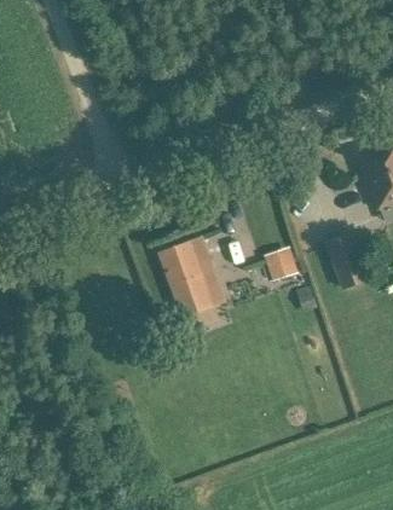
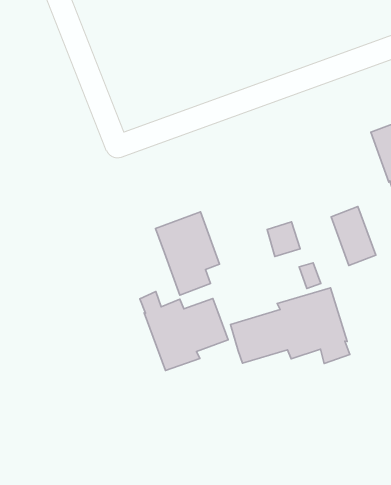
building: none -> [230,288,350,363]
building: none -> [140,292,228,371]

